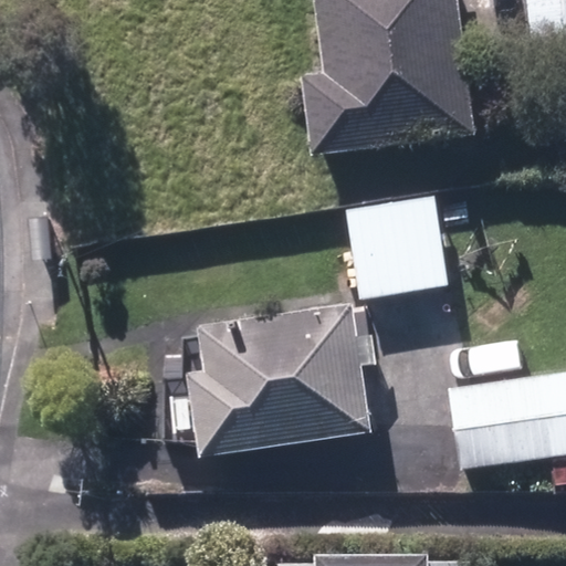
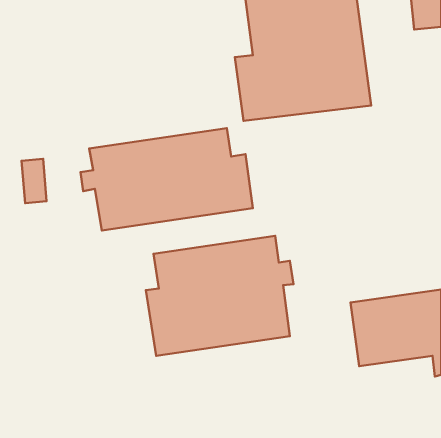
building: none -> [80,128,253,230]
building: [346,197,450,302] -> none

